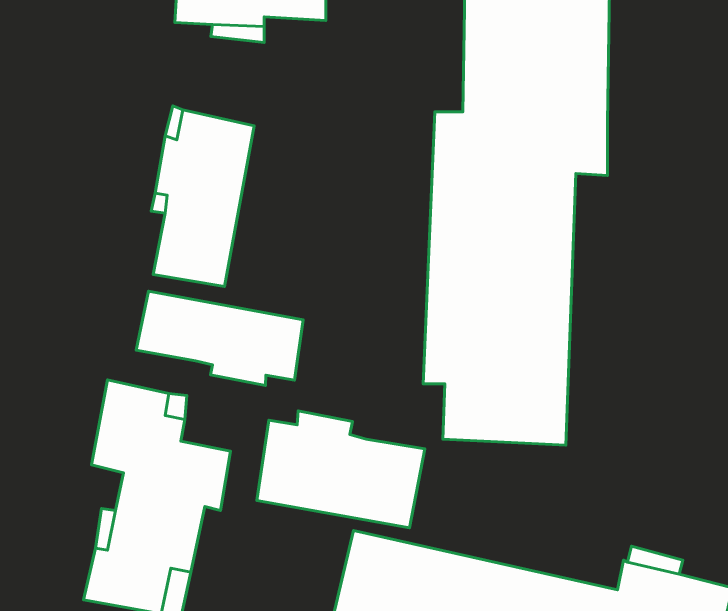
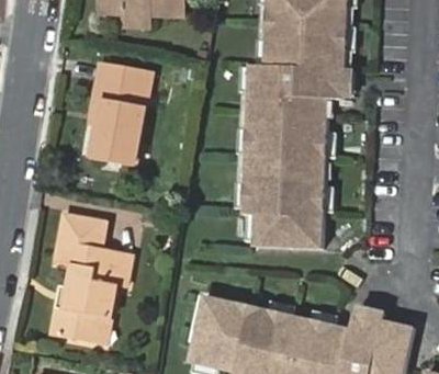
building: [136,291,303,386] -> none
building: [257,411,425,528] -> none

